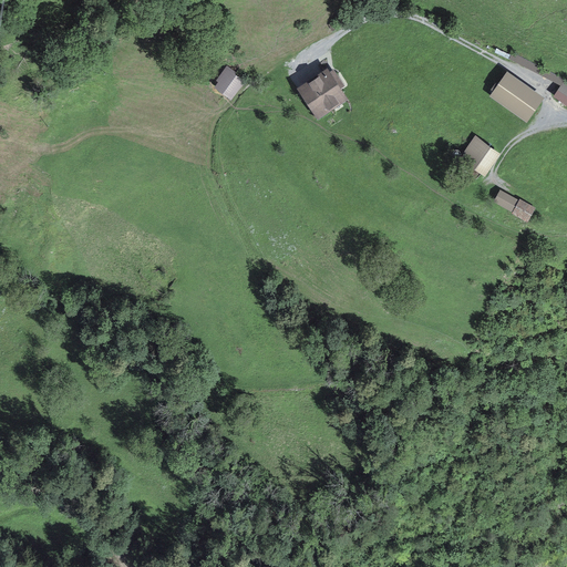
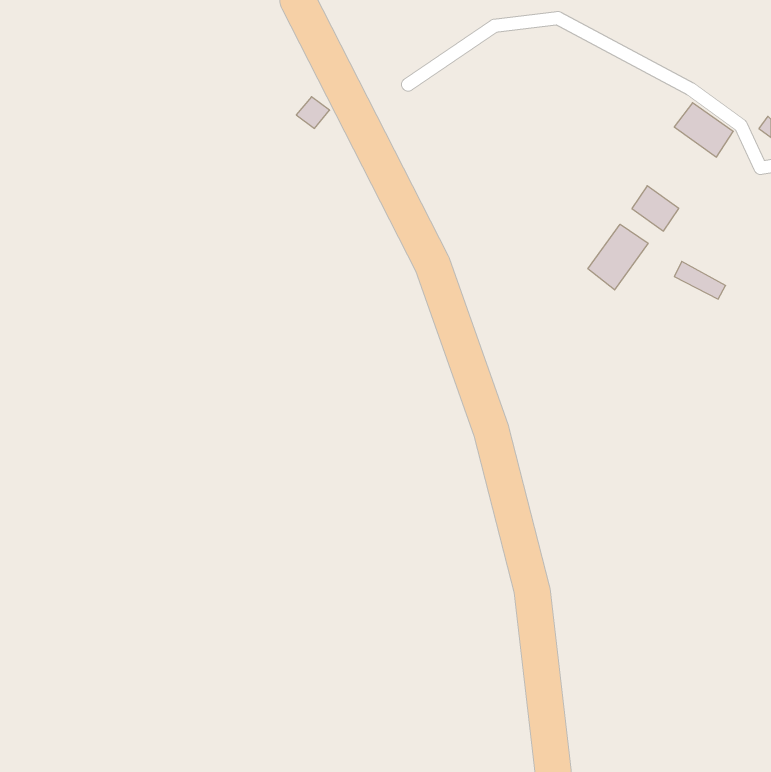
building: [300,70,342,113] -> none
building: none -> [588,224,648,290]

